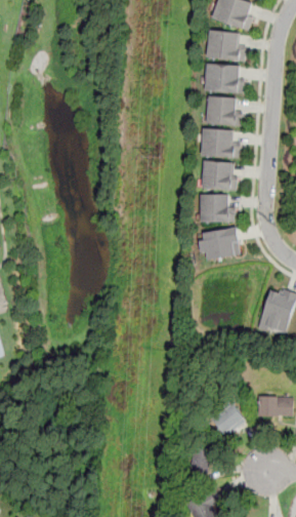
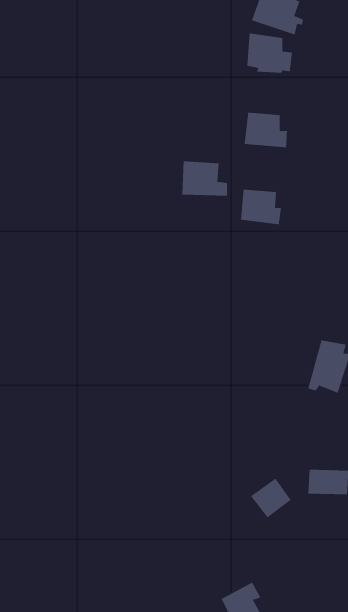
building: [204,65,245,93] -> none
building: [201,128,240,158] -> [181,161,228,196]
building: [201,194,237,223] -> none
building: [199,228,239,260] -> none
building: [188,447,209,477] -> none

